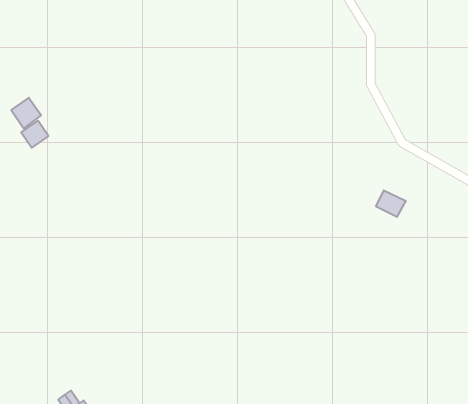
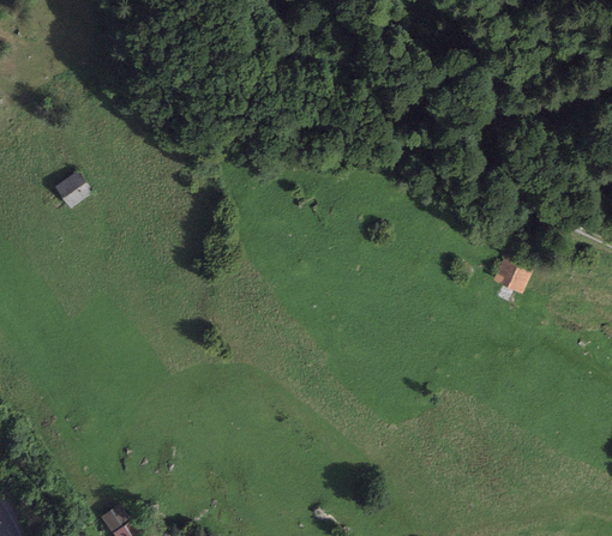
building: [11,98,41,128] -> none

